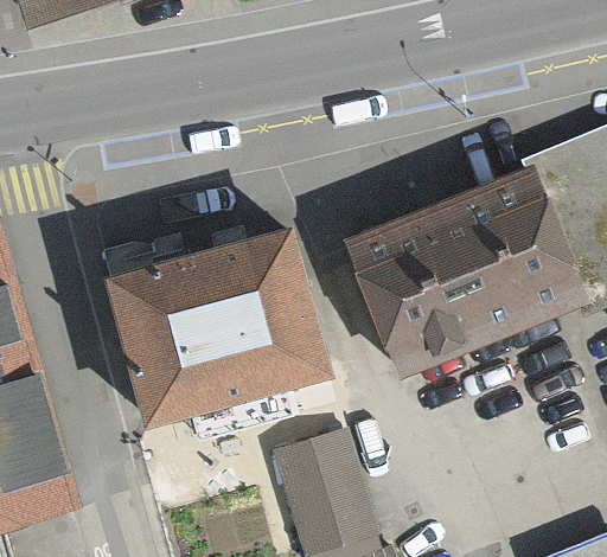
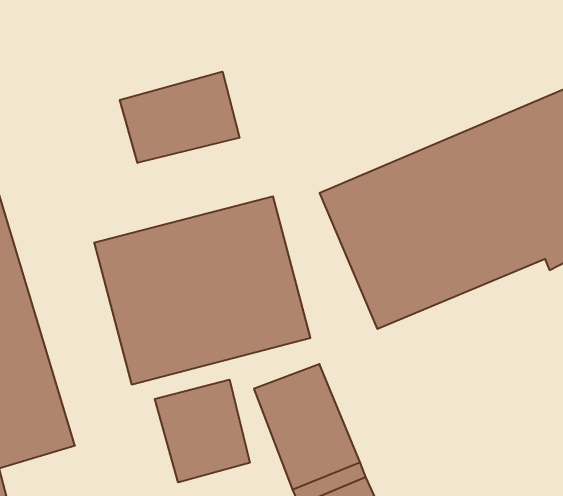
building: none -> [120,72,240,163]
building: none -> [155,380,250,482]

